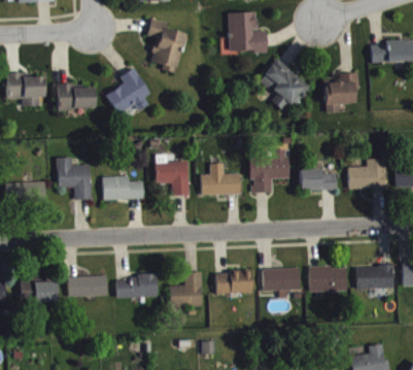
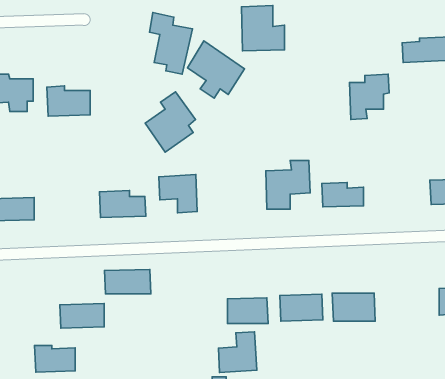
building: [260,59,310,109] -> [187,41,244,98]
building: [106,67,150,121] -> [145,92,195,152]
building: [57,157,92,199] -> none
building: [348,158,386,188] -> none
building: [202,163,240,194] -> none
building: [356,265,393,289] -> none
building: [169,271,203,307] -> [218,332,257,373]
building: [116,275,158,297] -> [104,269,151,294]
building: [21,278,57,302] -> [35,345,75,372]

